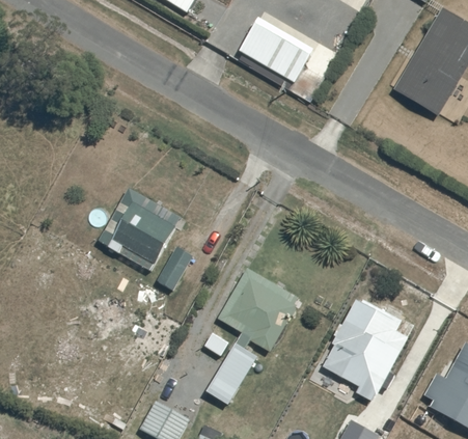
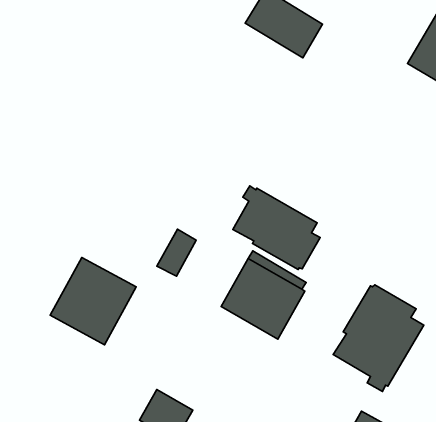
building: [98,187,180,270] -> [50,258,136,345]
building: none -> [233,186,320,269]
building: [207,342,256,404] -> none

